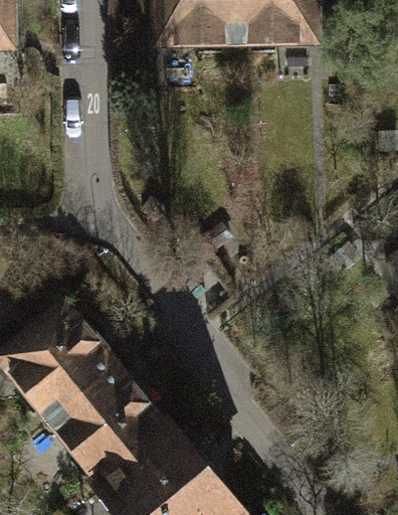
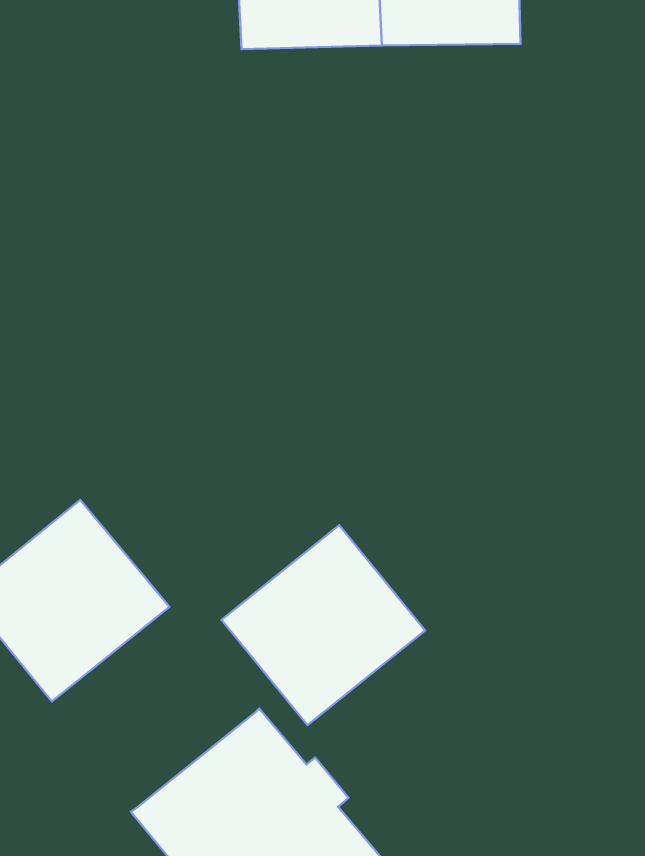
building: [49,362,166,477] -> [222,525,425,725]

